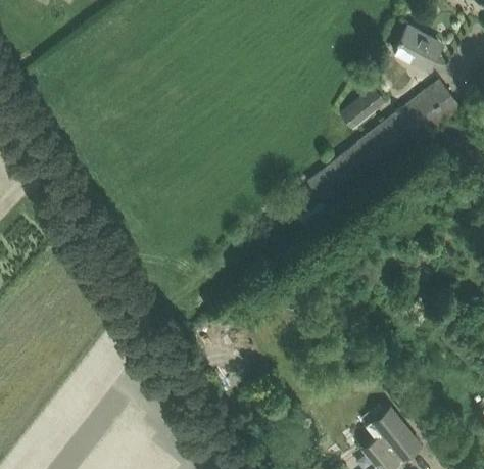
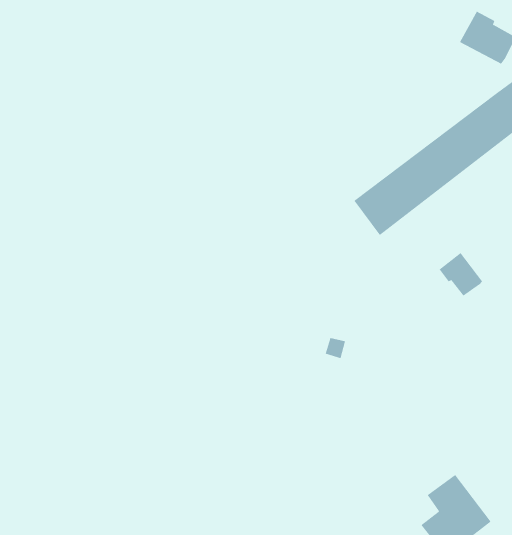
building: [340,86,387,129] -> none
building: none -> [439,252,483,296]

